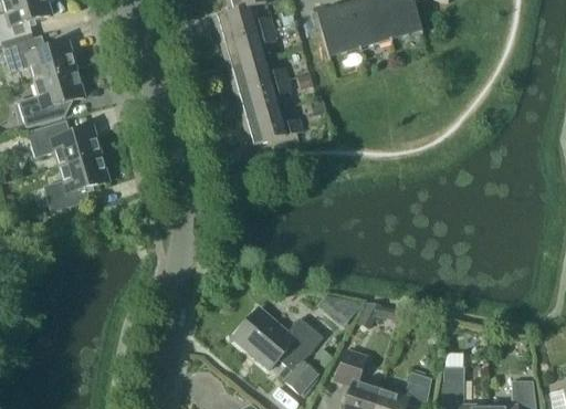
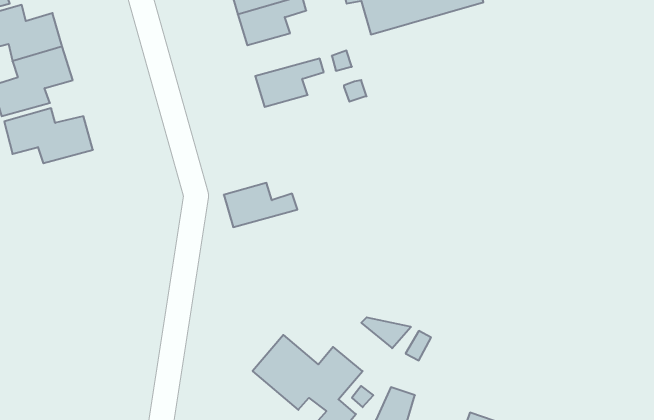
building: [228,57,287,93] -> none
building: [242,108,303,145] -> [224,183,297,227]
building: [43,154,108,211] -> none

